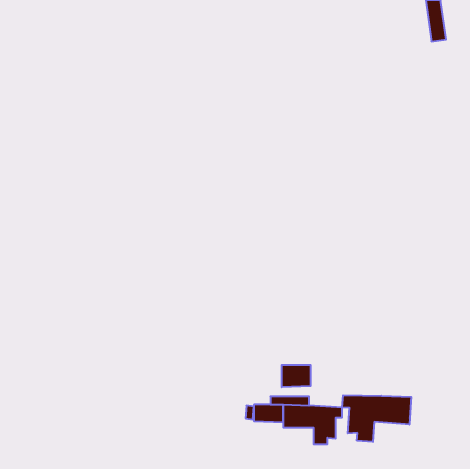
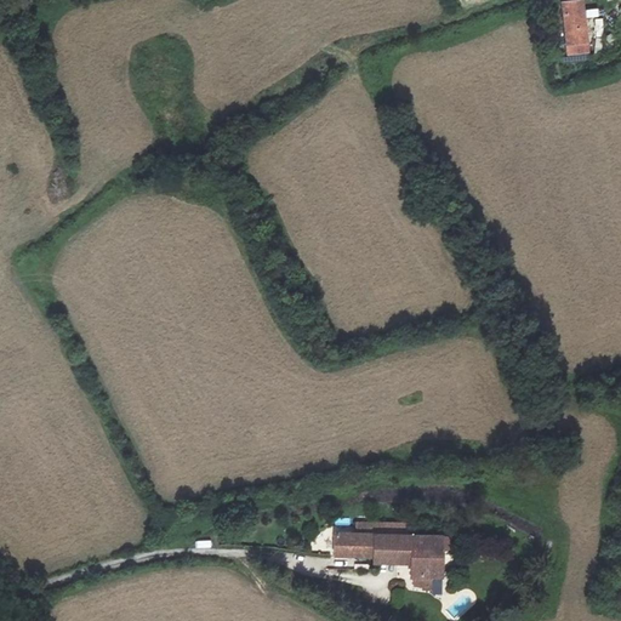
building: [282,365,311,387] -> none
building: [342,395,411,442] -> none

